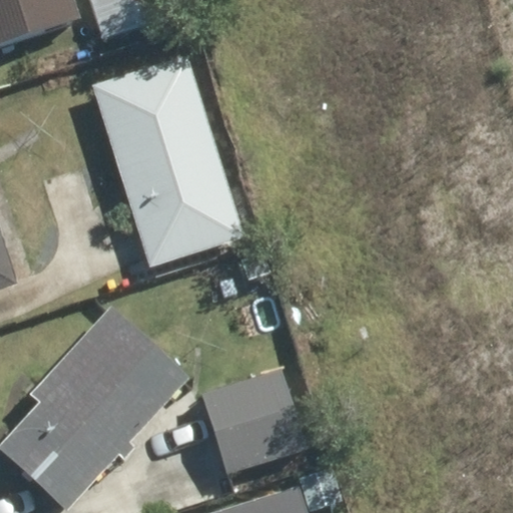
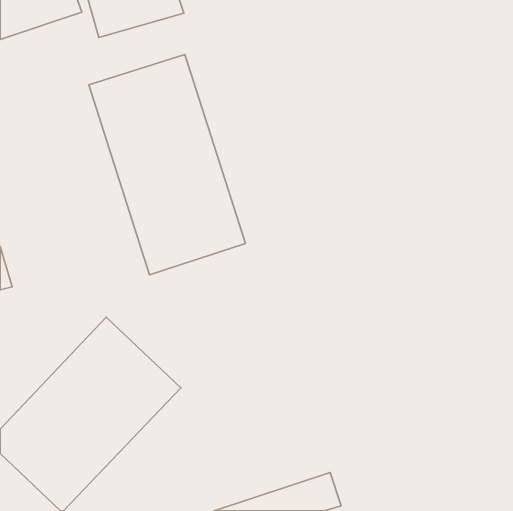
building: [198,359,307,477] -> none

